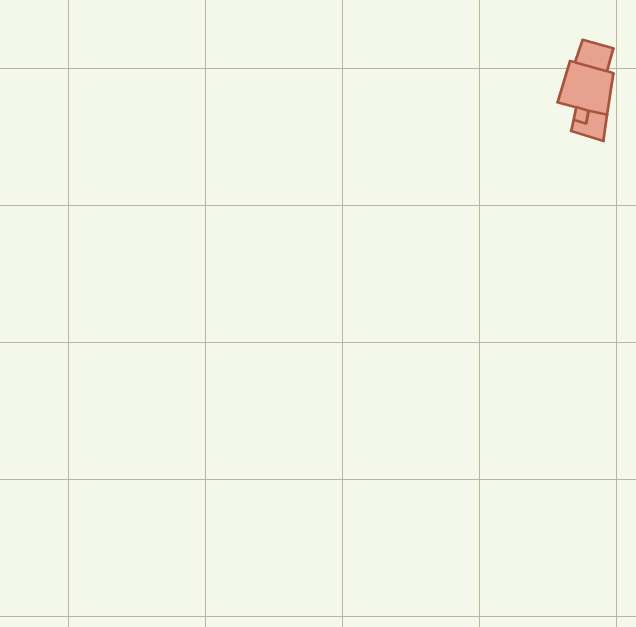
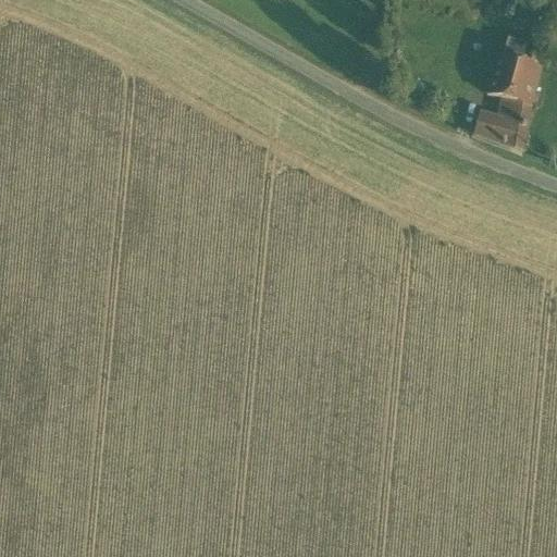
building: none -> [475,110,528,149]

